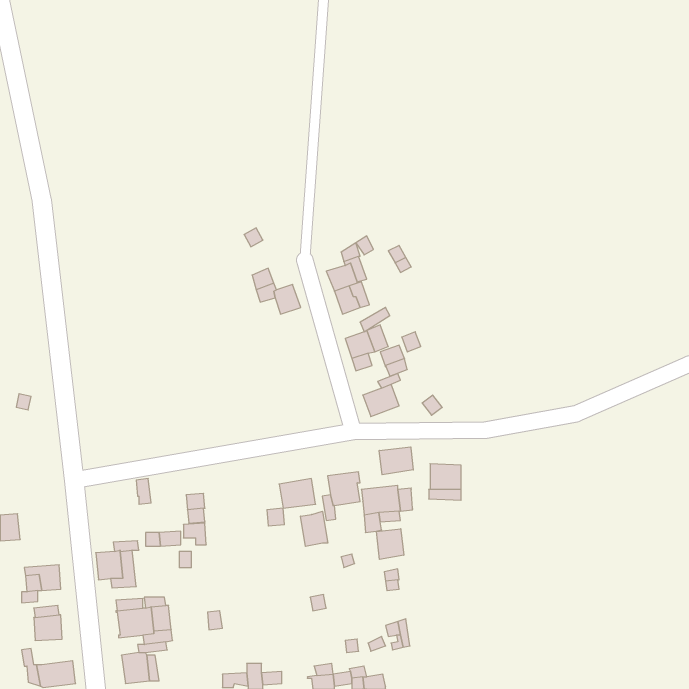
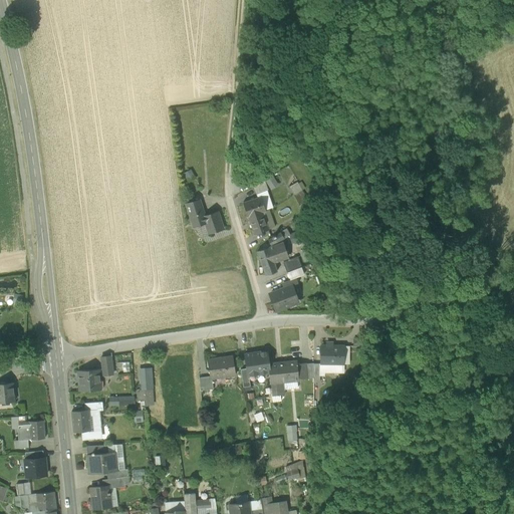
building: [379,447,413,475] -> none
building: none -> [78,369,100,392]
building: [301,511,328,546] -> none
building: [376,529,404,559] -> none

